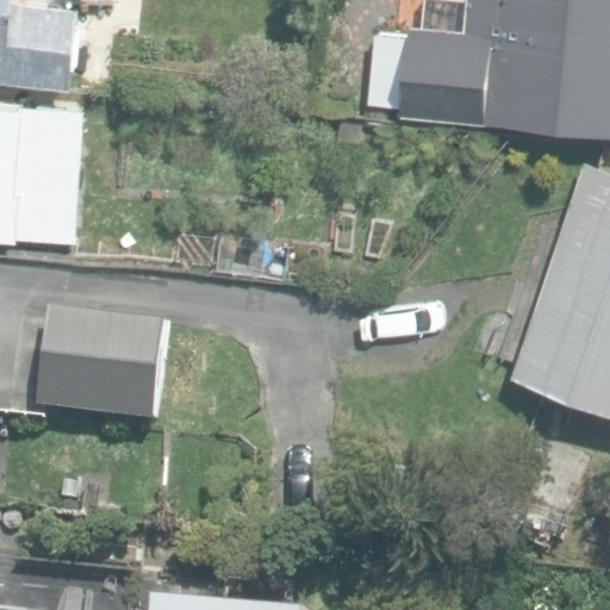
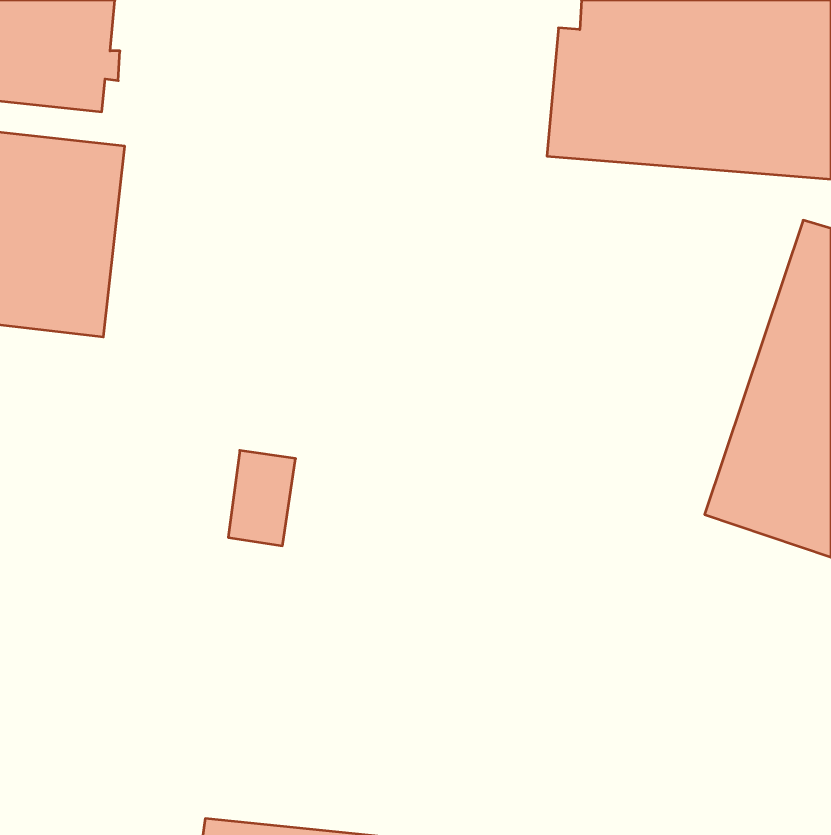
building: [39,315,168,419] -> none

